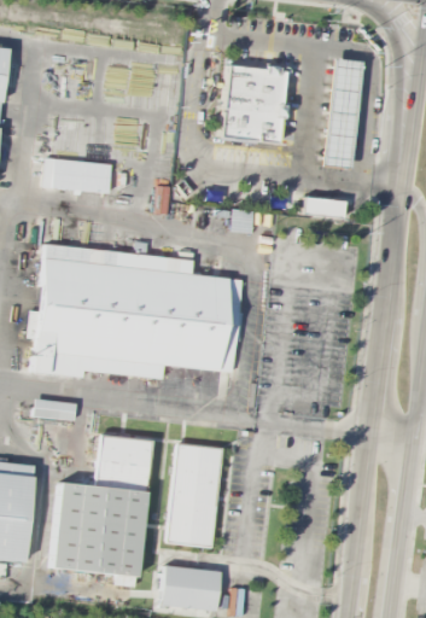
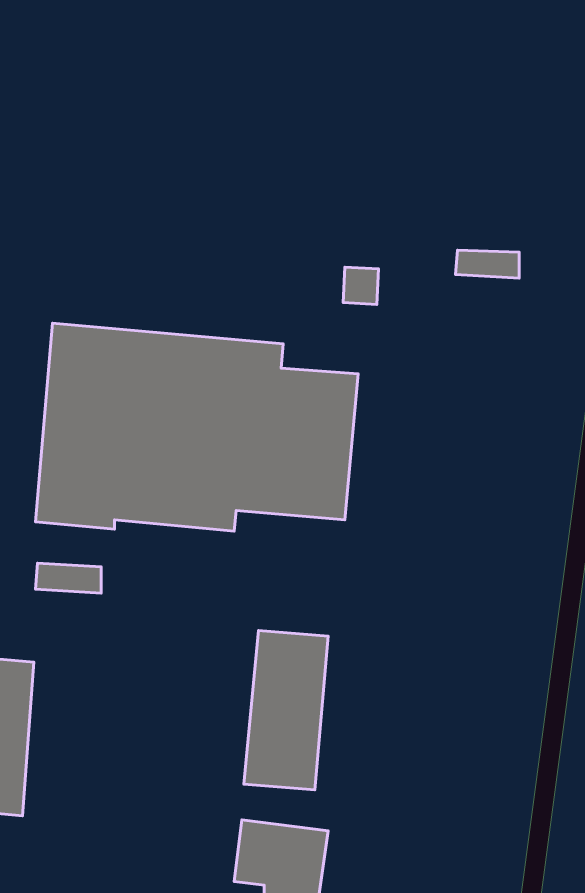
building: [322,58,362,169] -> none
building: [222,64,287,144] -> none
building: [45,158,112,194] -> none
building: [53,433,152,587] -> none

